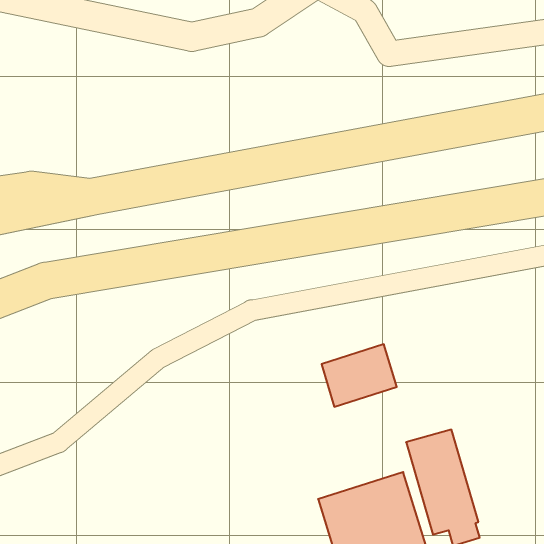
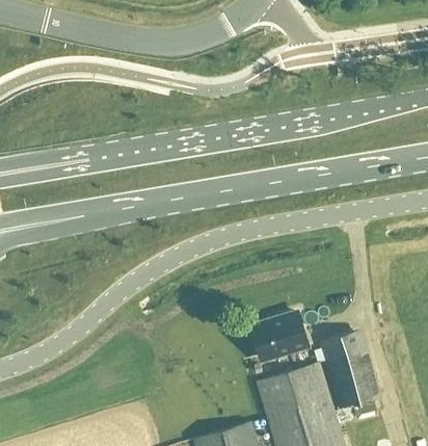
building: [322,344,397,407] -> [252,313,307,359]

